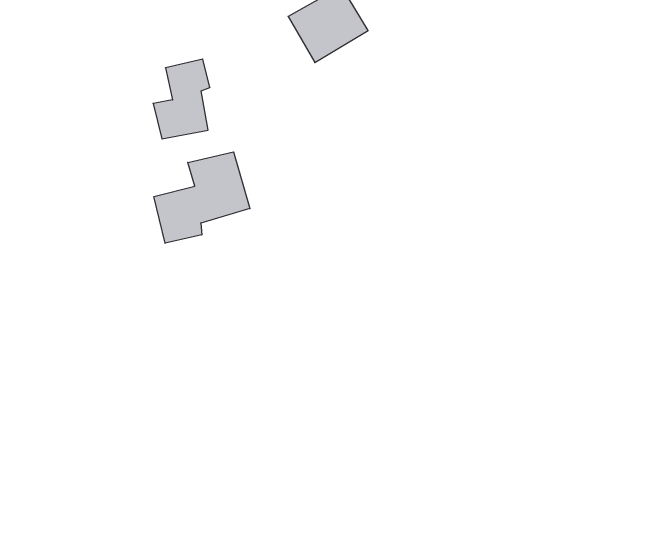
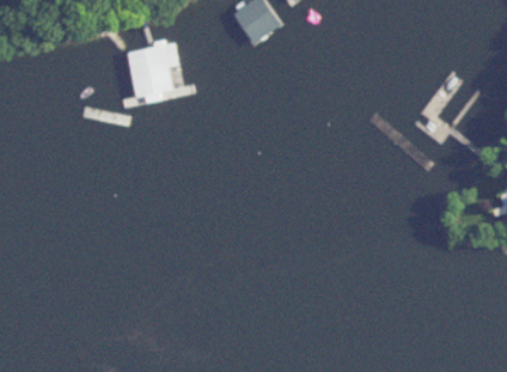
building: [154,152,250,243] -> none

